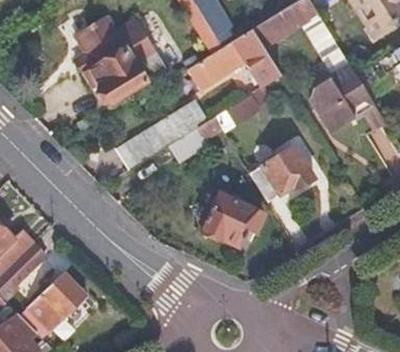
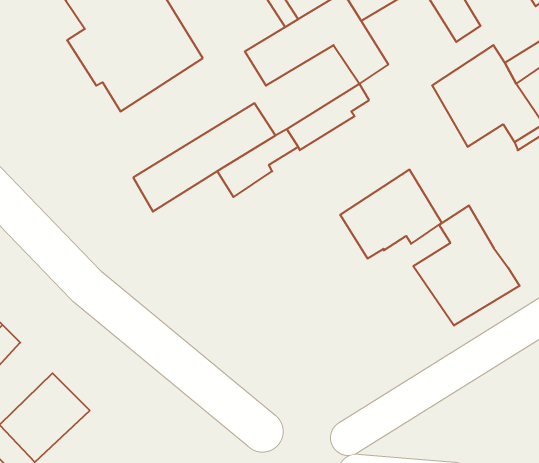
building: none -> [413,205,520,326]
building: [203,194,265,246] -> none

